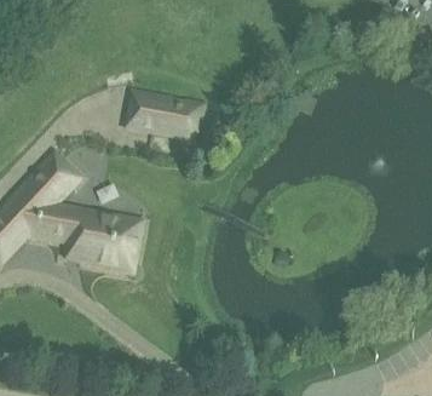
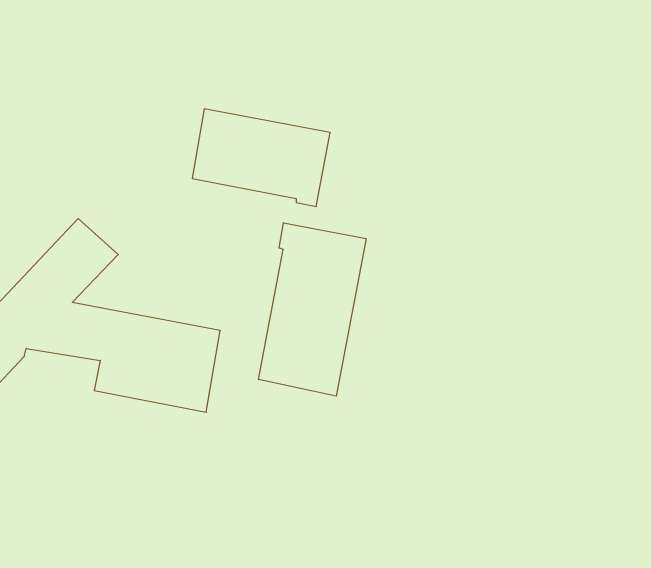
building: none -> [259,223,366,396]

